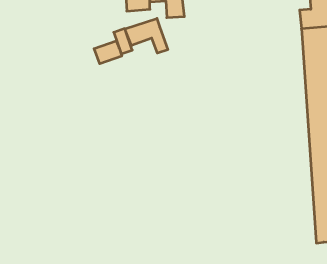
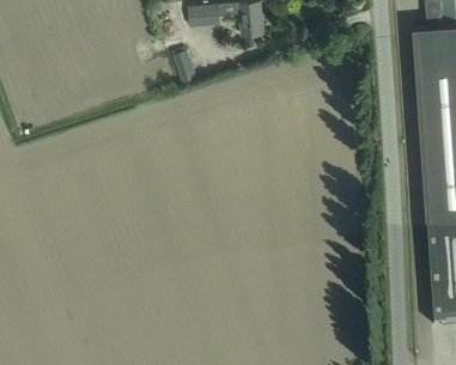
building: [125,18,168,53] -> none
building: [94,41,122,64] -> none

